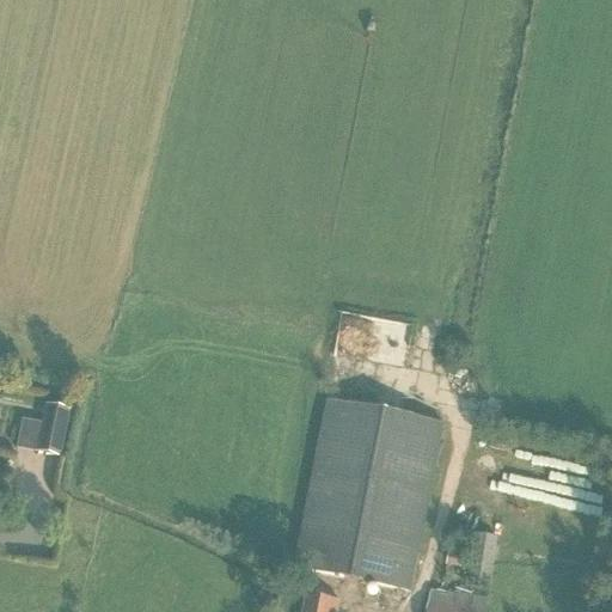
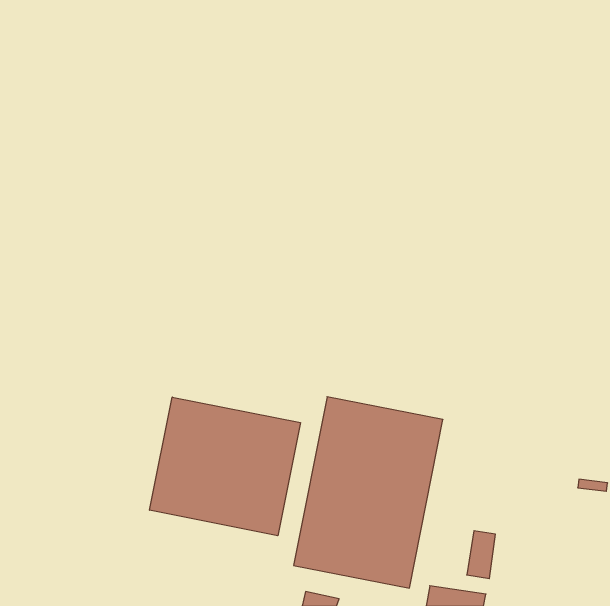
building: none -> [150,397,300,536]
building: [33,400,69,454] -> none

